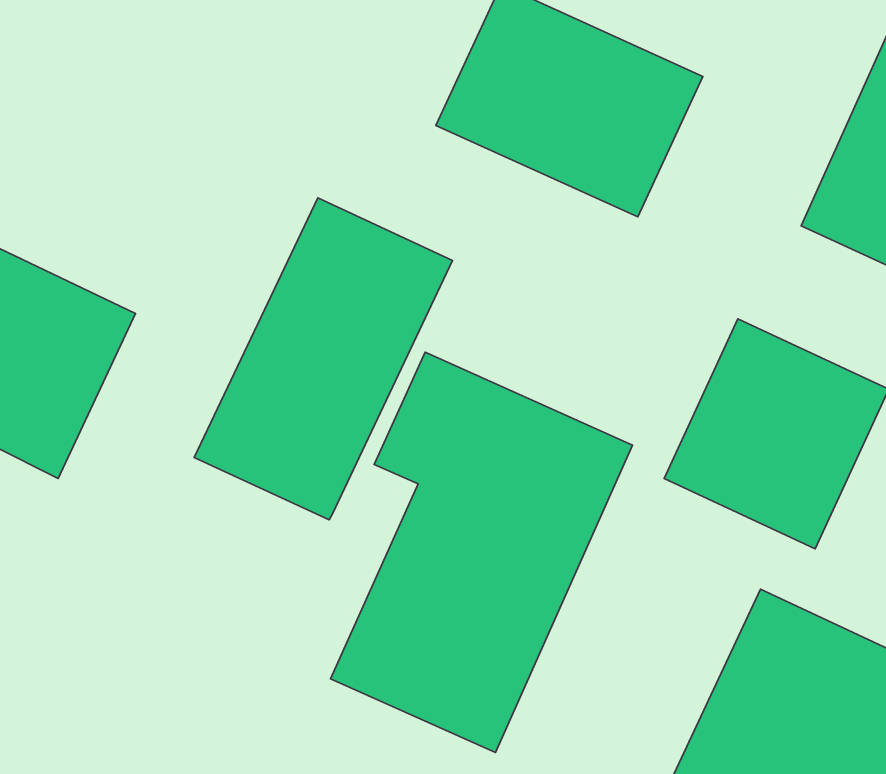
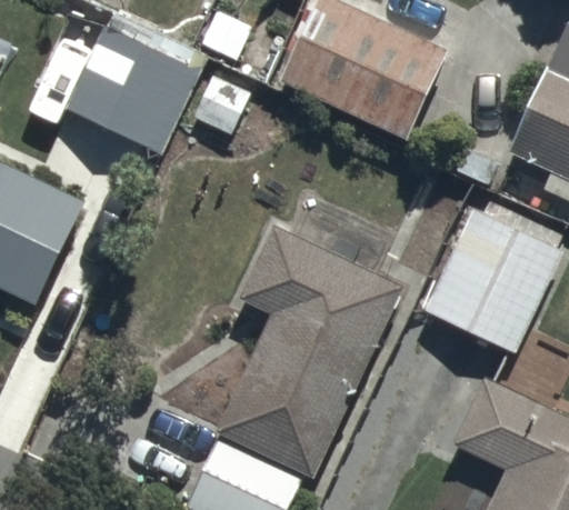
building: none -> [68,26,189,147]
building: [194,198,453,520] -> none

